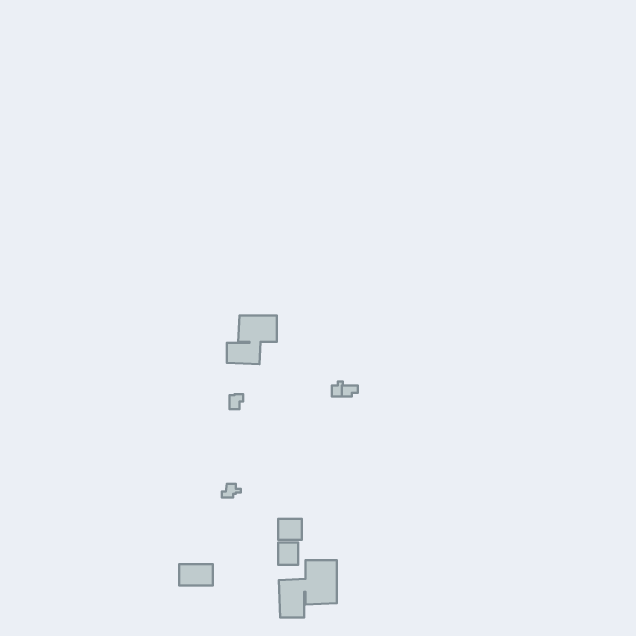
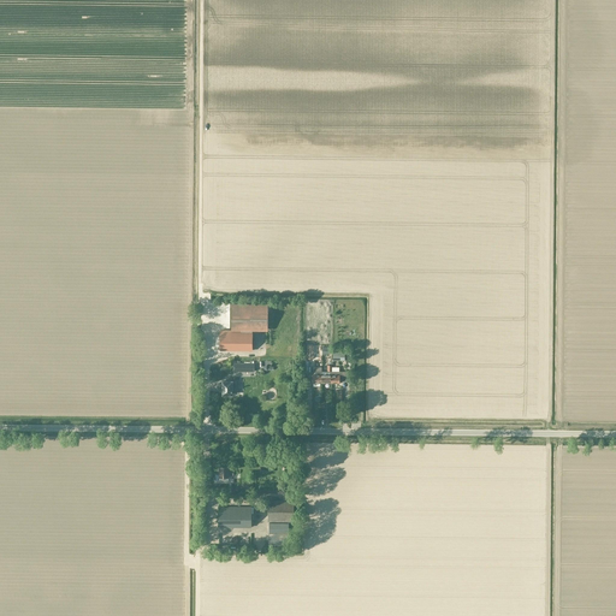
building: [279,560,337,618] -> none
building: [179,564,213,585] -> [218,508,250,528]

